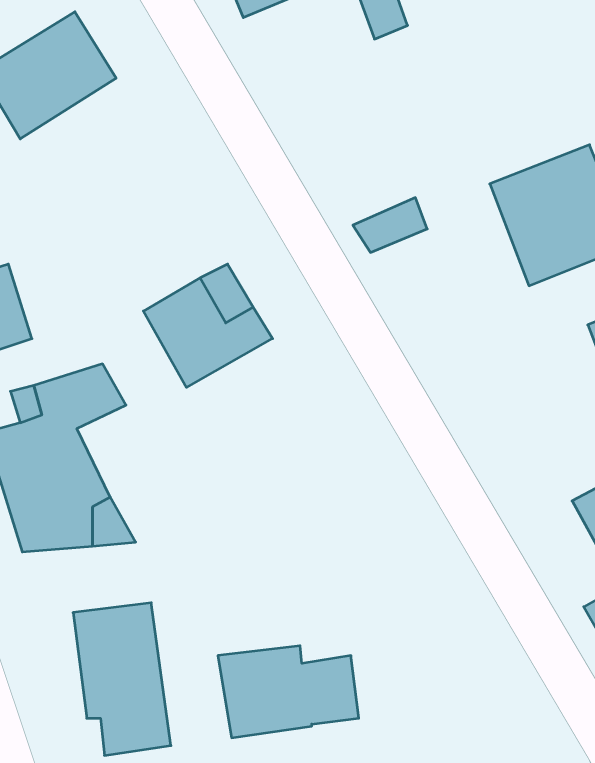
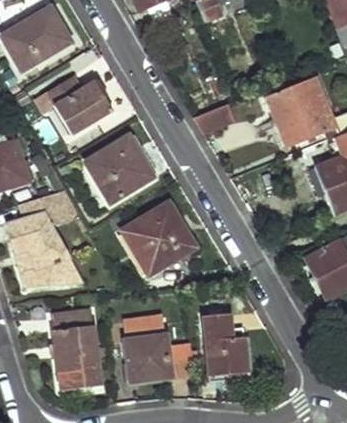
building: none -> [47,78,113,137]
building: none -> [121,203,195,275]
building: none -> [122,312,166,338]
building: none -> [204,312,251,374]

